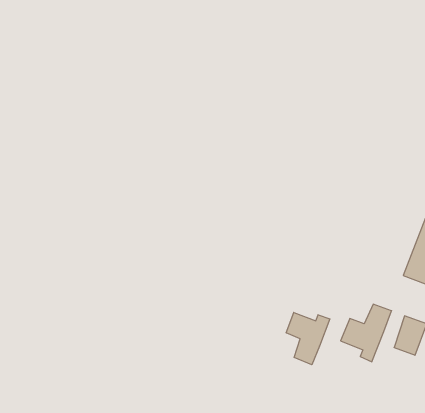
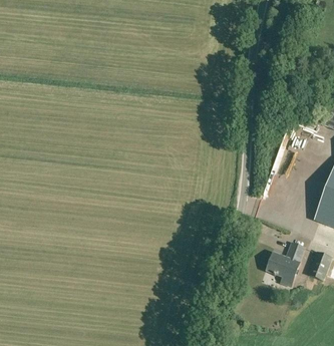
building: [286,312,330,365] -> none

